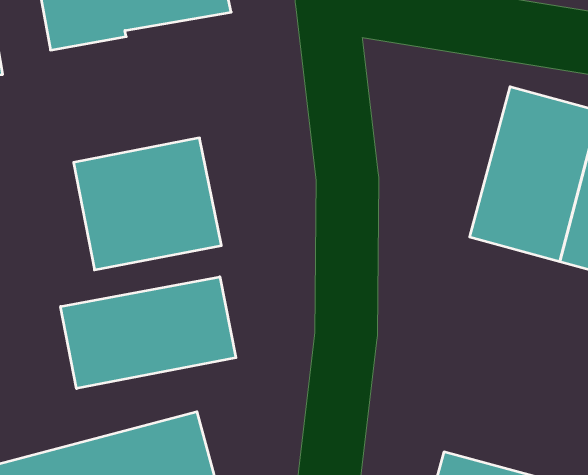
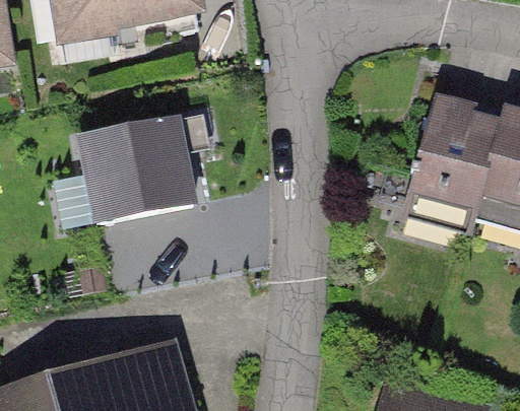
building: [61,277,236,389] -> none

